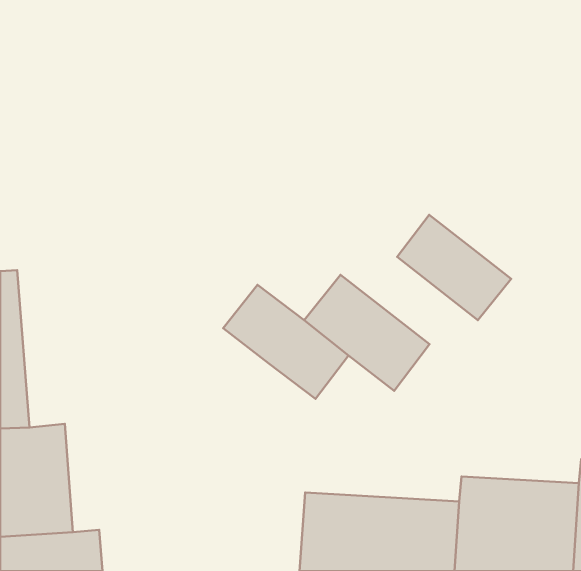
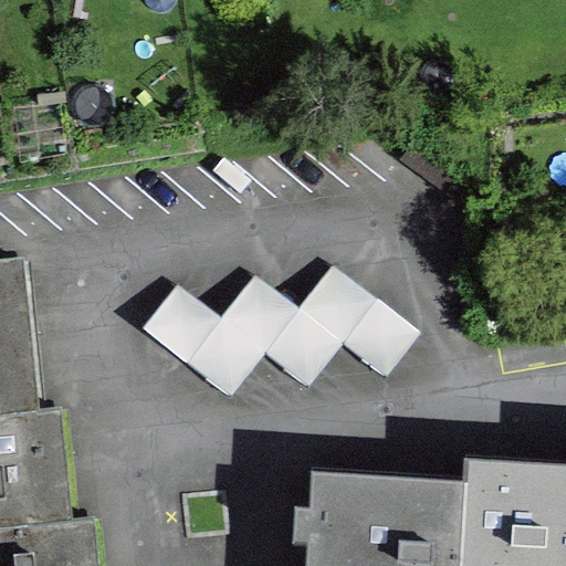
building: [397,215,511,320] -> none
building: none -> [140,284,262,396]

